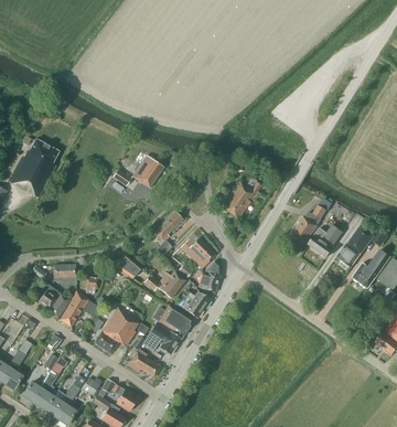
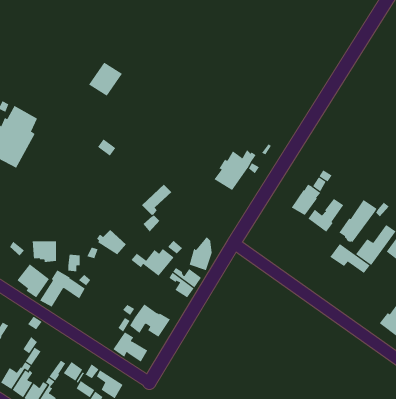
building: [131,156,163,188] -> [88,62,123,96]
building: [179,238,215,268] -> none
building: none -> [330,243,370,274]
building: [153,305,192,337] -> none
building: [94,307,138,353] -> none

